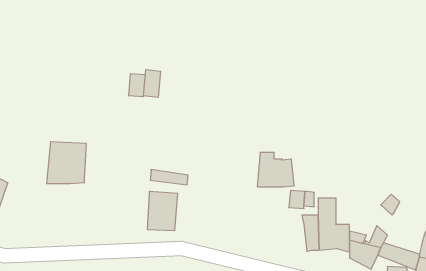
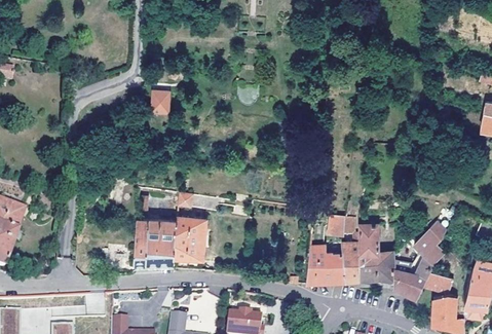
building: [144,70,161,97] -> none
building: [47,142,86,183] -> [134,217,177,262]
building: [257,153,294,187] -> [307,245,347,282]
building: none -> [414,230,449,263]

